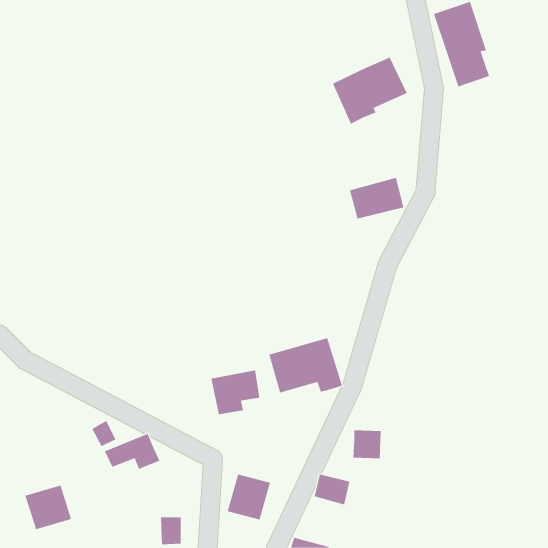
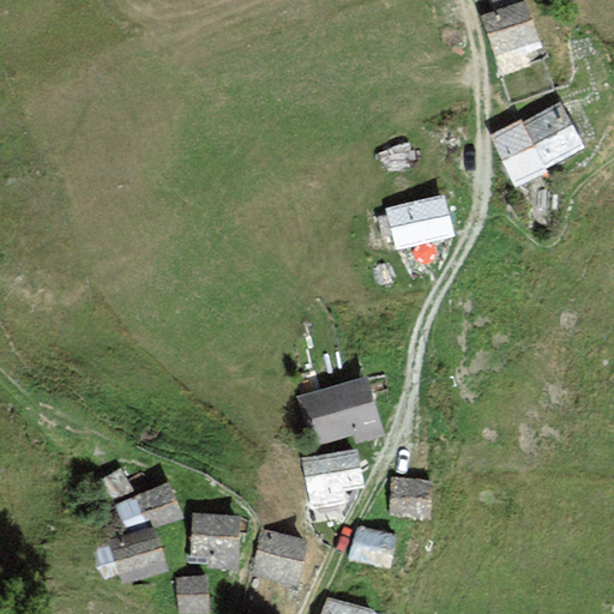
building: [332,57,408,124] -> [494,106,578,181]
building: [211,370,260,415] -> [305,451,360,501]
building: none -> [192,514,234,565]
building: [25,485,72,530] -> [110,529,163,579]

